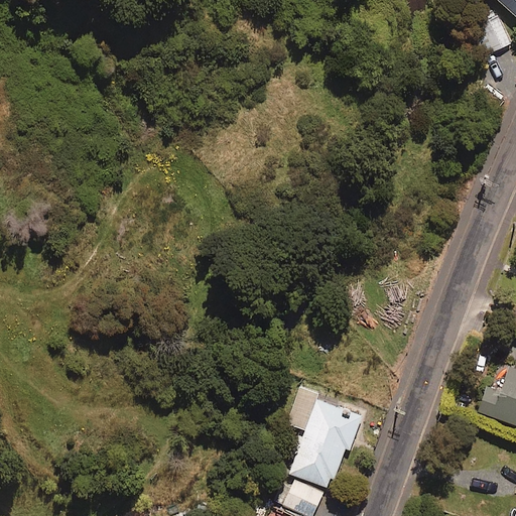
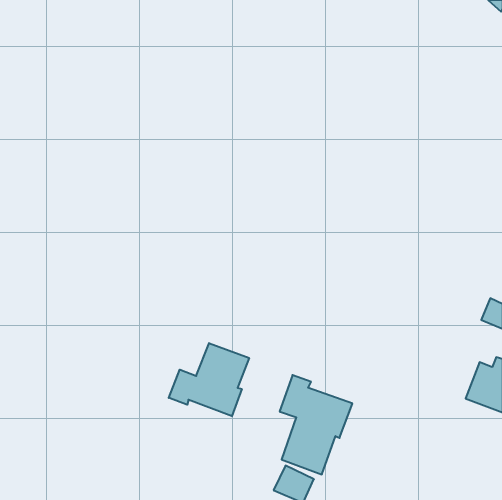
building: none -> [169,343,249,416]

